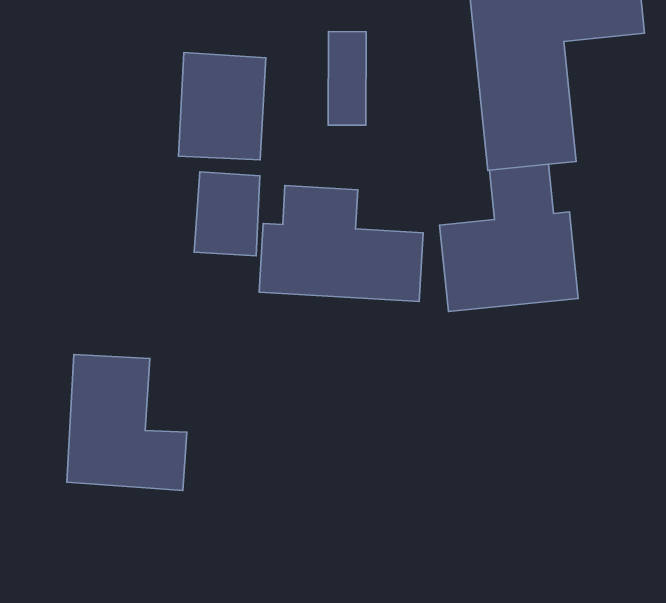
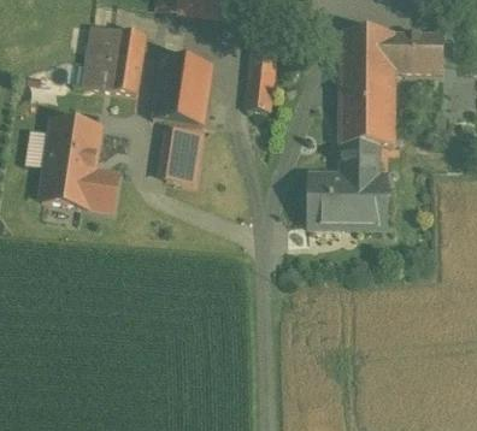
building: none -> [84,22,146,89]
building: [259,185,423,302] -> none
building: [67,354,187,490] -> [42,118,118,207]

